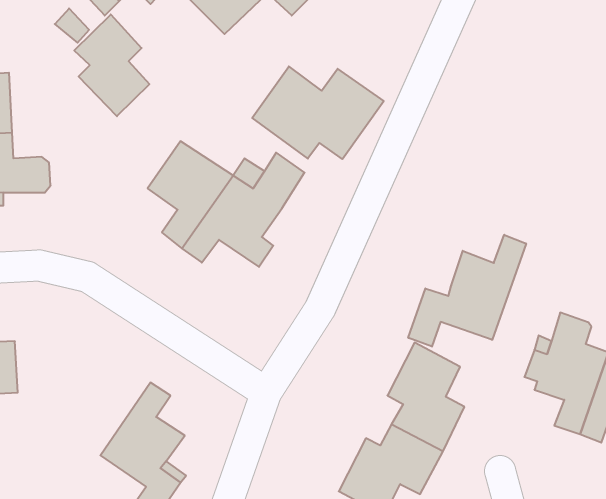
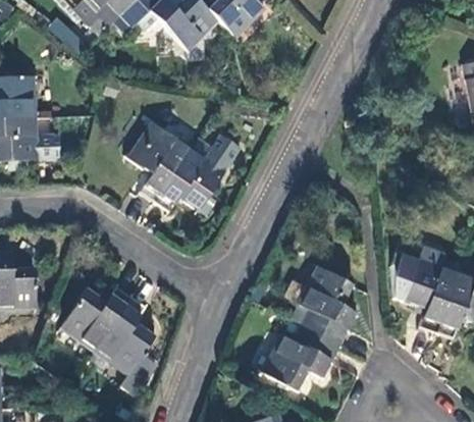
building: [74,14,149,116] -> none
building: [252,66,384,159] -> none
building: [408,235,526,347] -> none
building: none -> [61,283,131,349]

